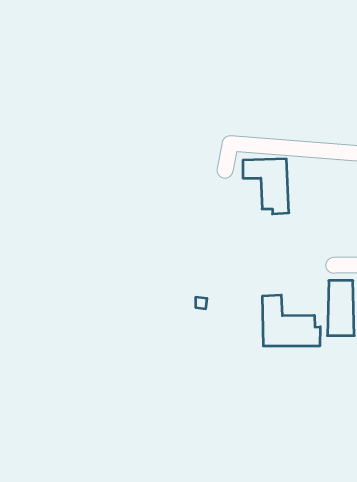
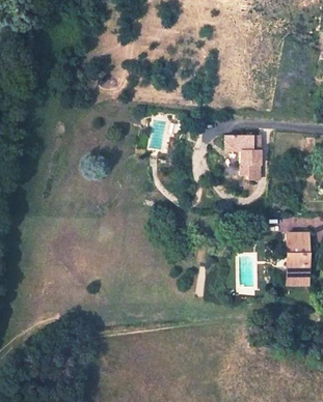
building: [263,295,320,346] -> none

